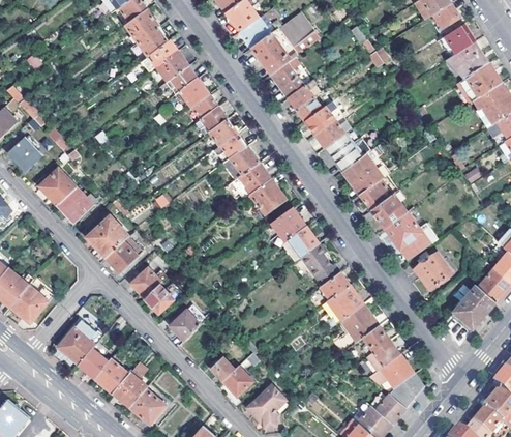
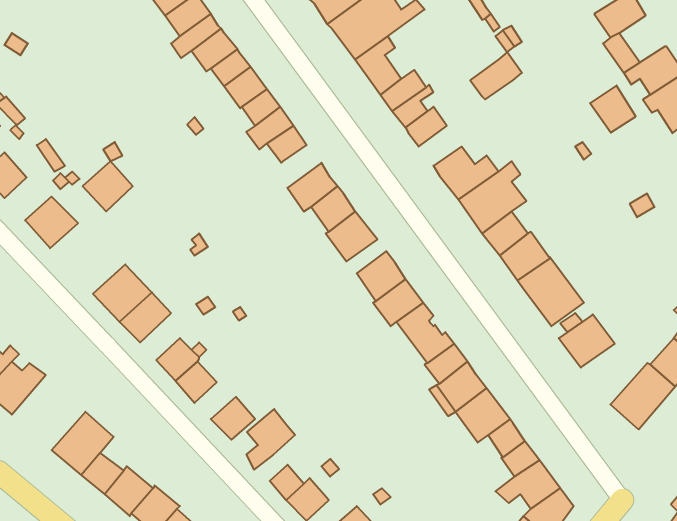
building: [455,41,487,75] -> [590,85,636,133]
building: [314,114,351,147] -> [470,52,522,99]
building: [216,133,246,163] -> none
building: [56,187,91,223] -> [83,161,133,211]
building: none -> [247,409,295,470]

